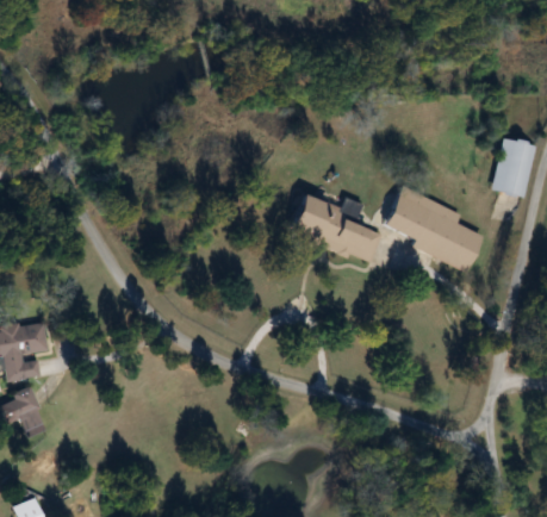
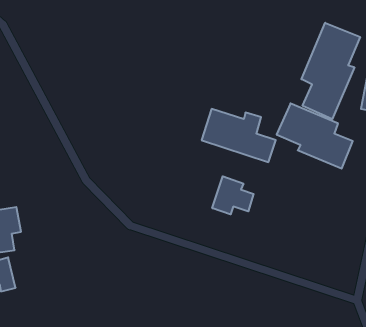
building: none -> [301,23,360,119]
building: none -> [212,176,254,214]

